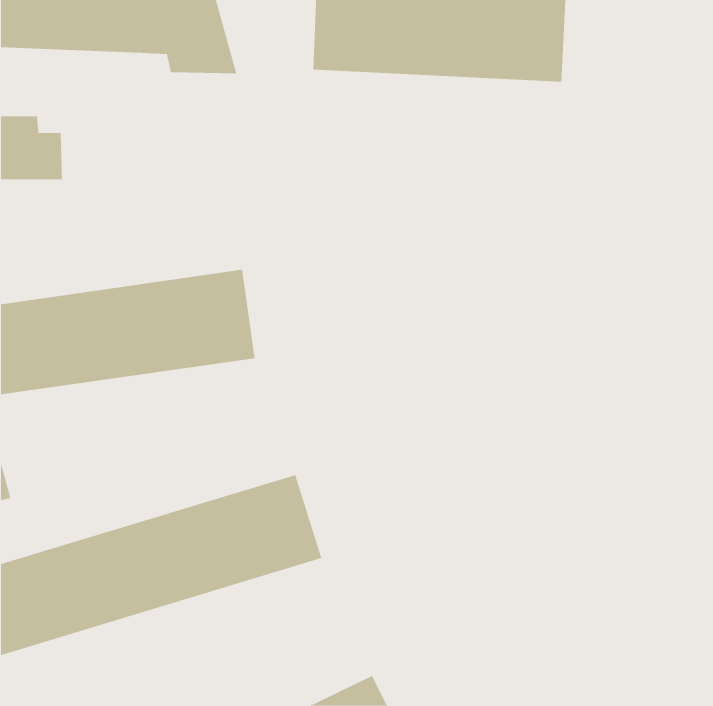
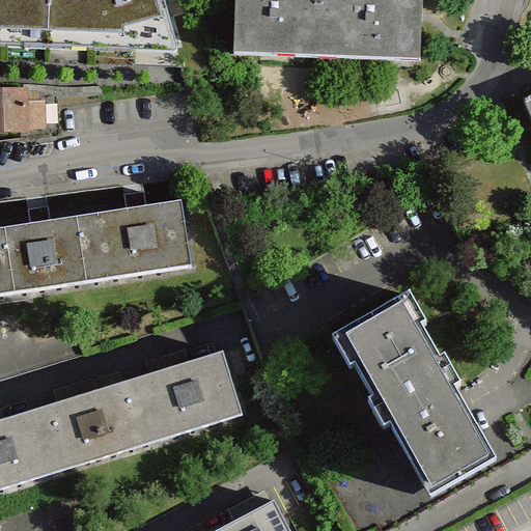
building: none -> [330,294,500,501]

